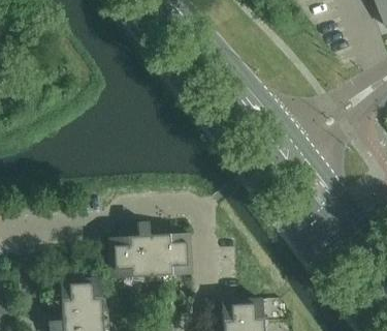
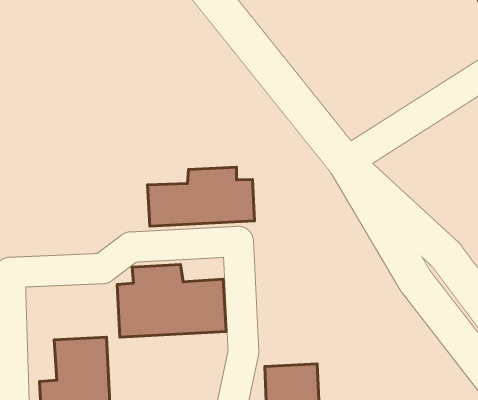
building: none -> [148,167,255,226]

